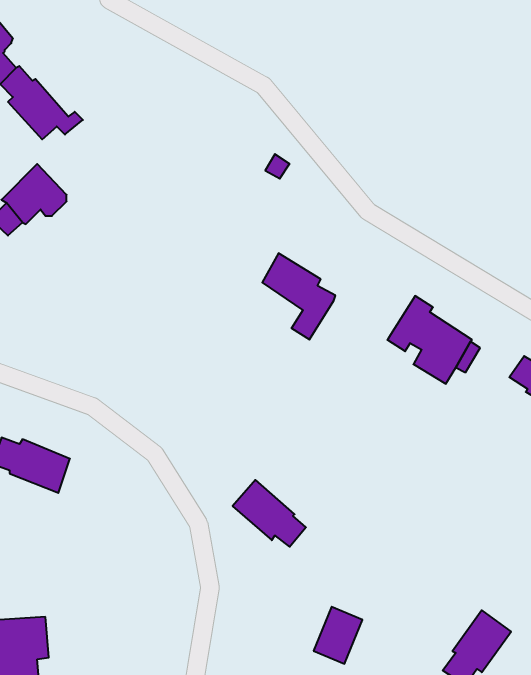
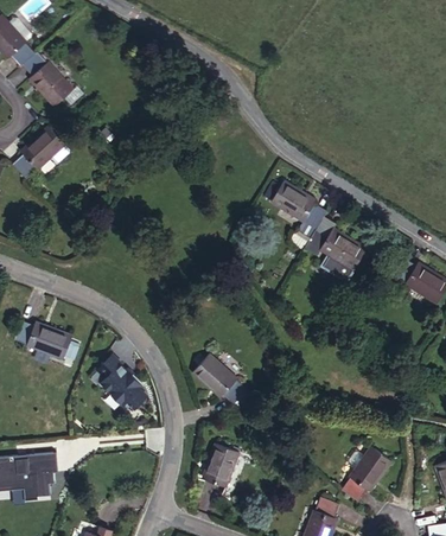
building: [262,253,335,340] -> [272,184,325,247]
building: none -> [95,352,151,411]
building: [314,607,362,664] -> [203,442,238,484]

